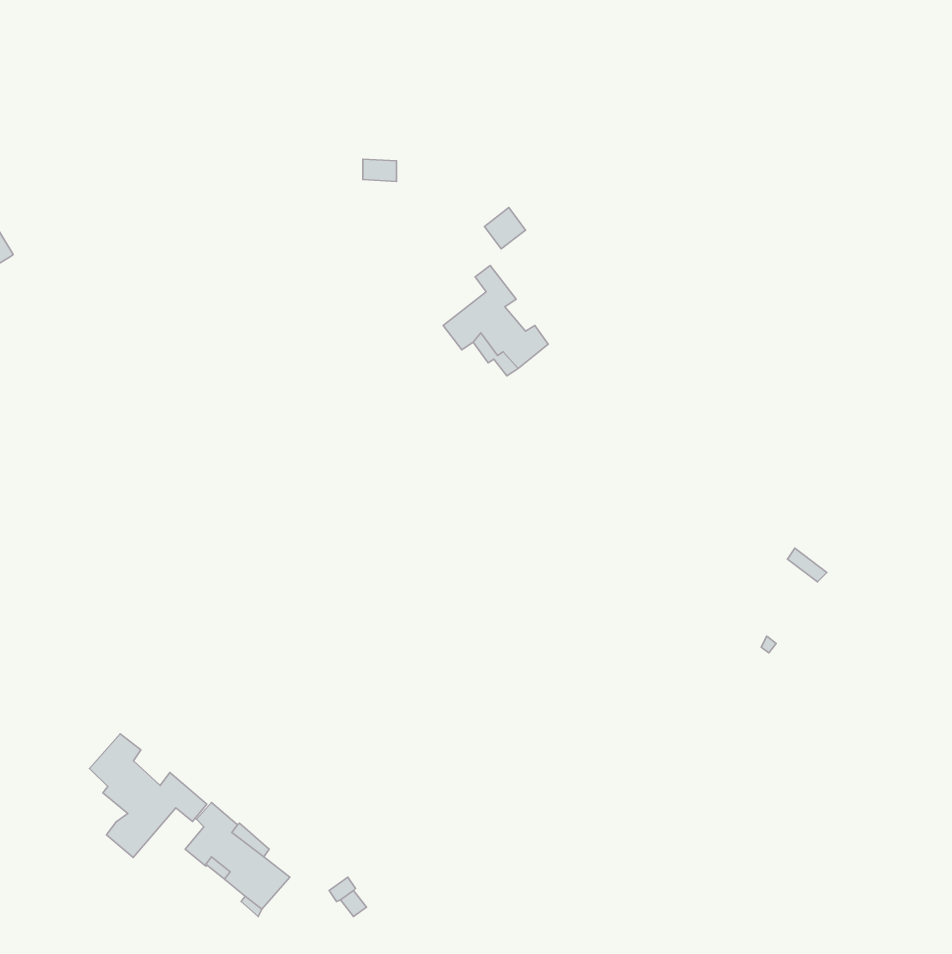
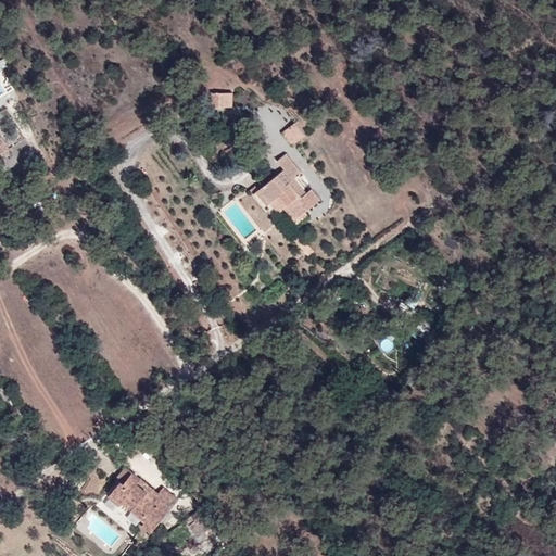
building: [89,734,207,857] -> none

